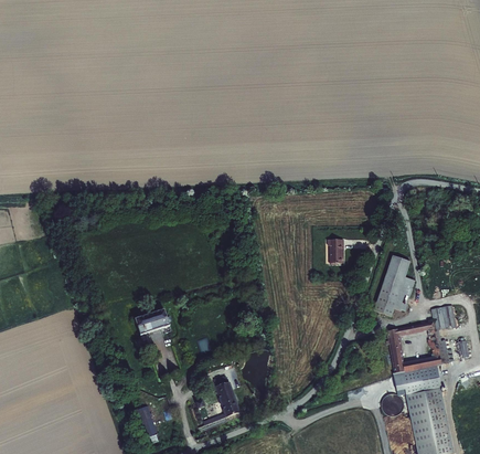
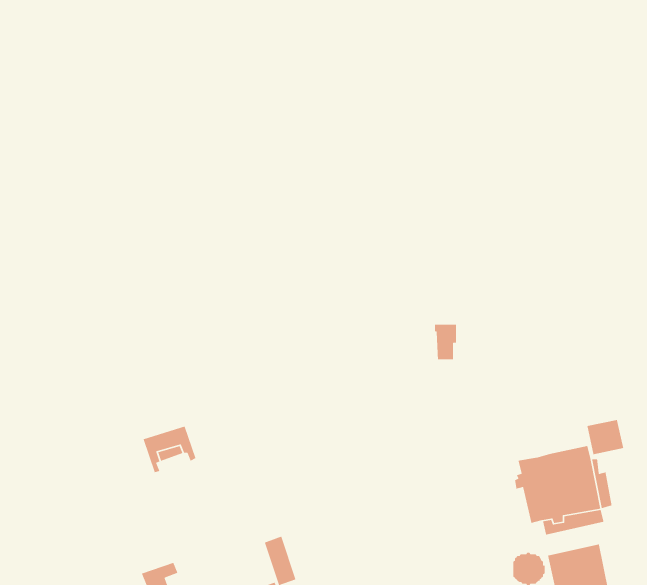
building: [373,255,414,318] -> none

